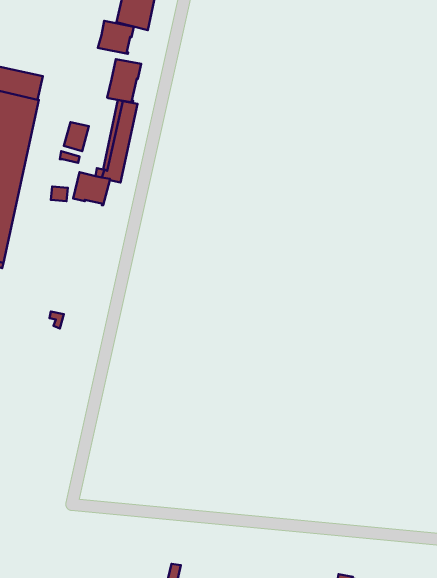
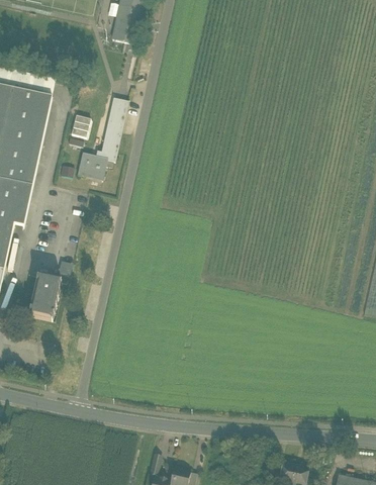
building: [98,21,134,54] -> none
building: [107,59,141,102] -> none
building: none -> [30,276,62,321]

